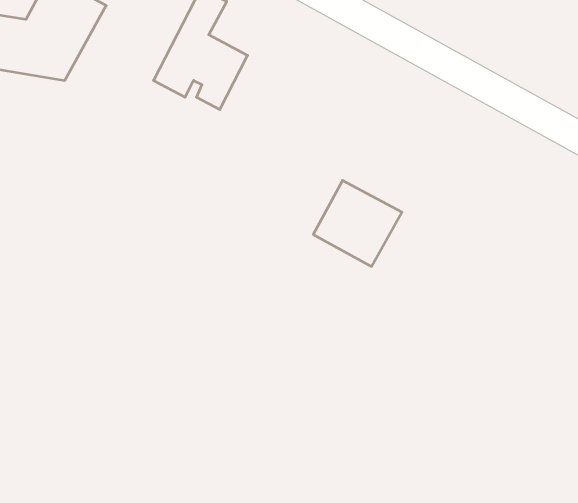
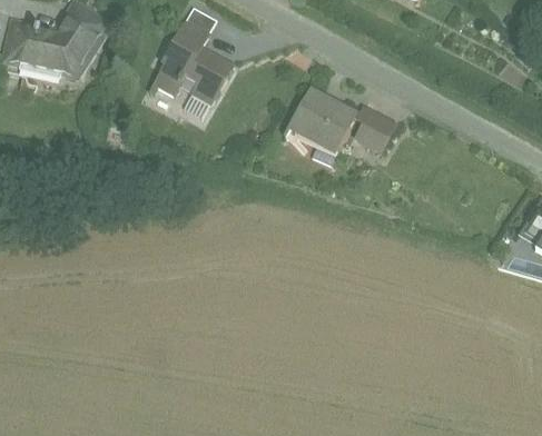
building: none -> [349,102,401,152]
building: [313,180,402,266] -> [285,85,356,153]

